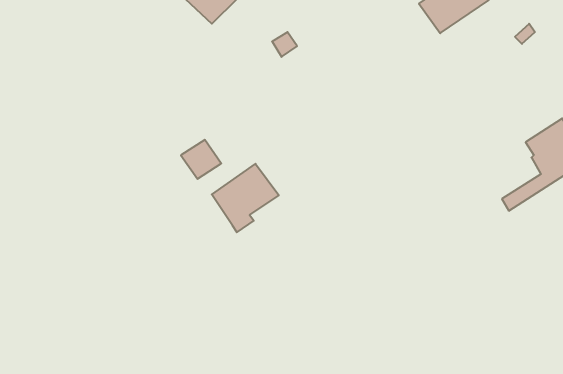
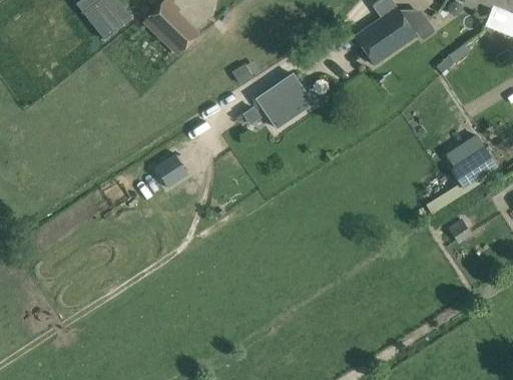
building: none -> [254,72,313,128]
building: [212,164,279,232] -> none

